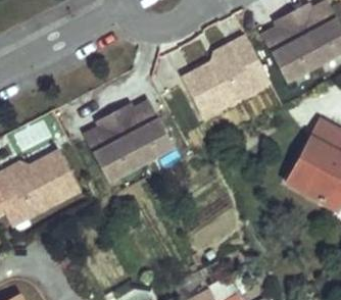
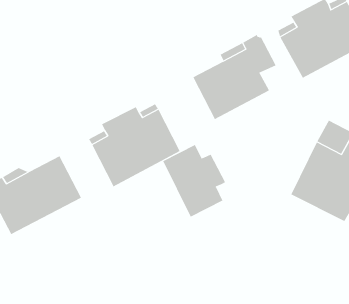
building: none -> [162,144,226,217]

